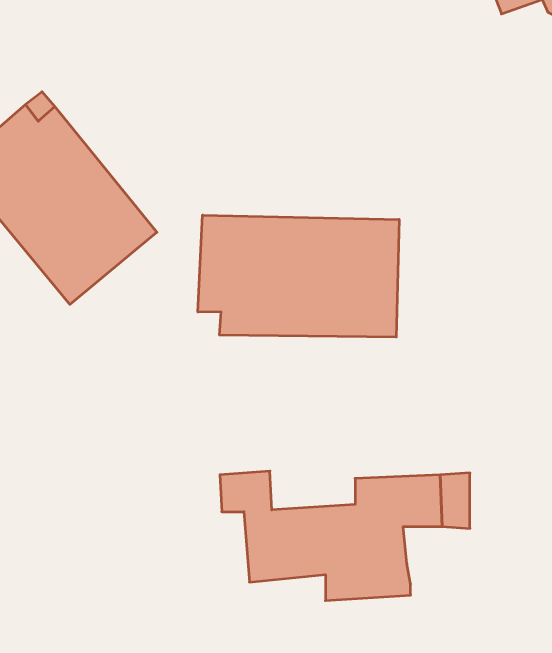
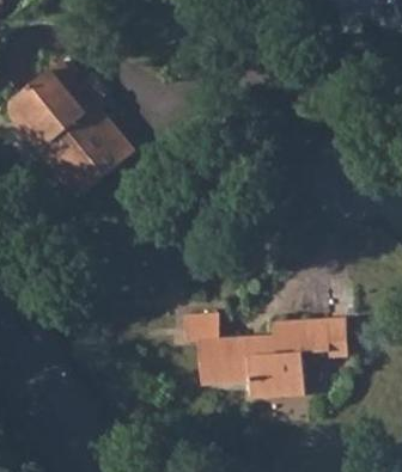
building: [198,215,399,337] -> none

